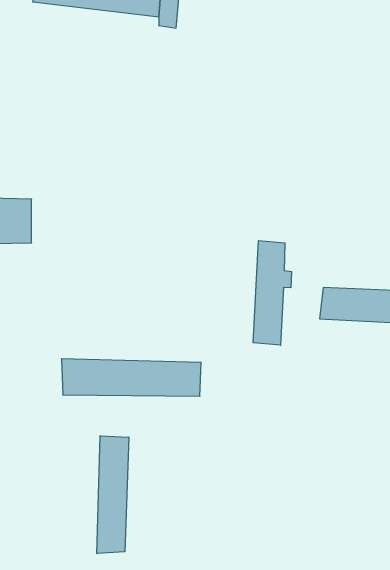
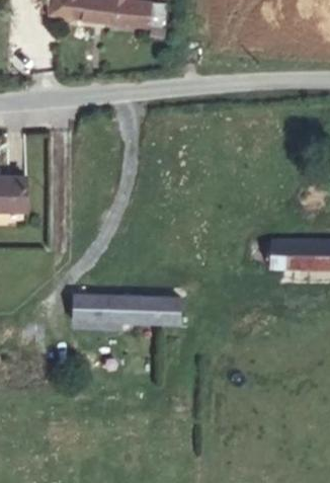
building: [253,241,292,345] -> none
building: [97,436,129,554] -> none

